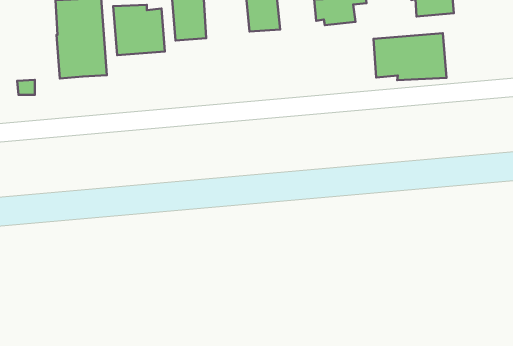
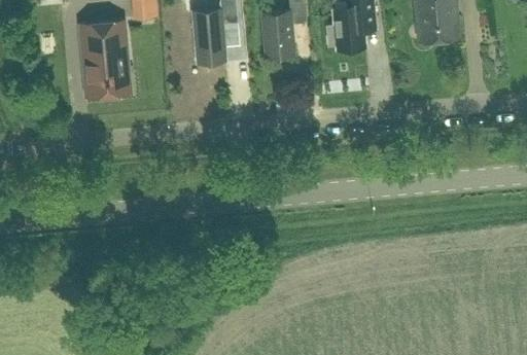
building: [113,5,165,55] -> none
building: [374,33,447,80] -> none

